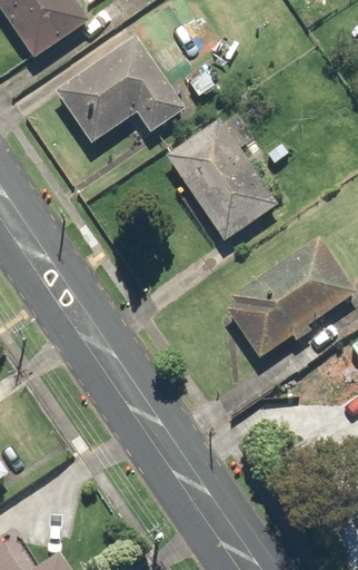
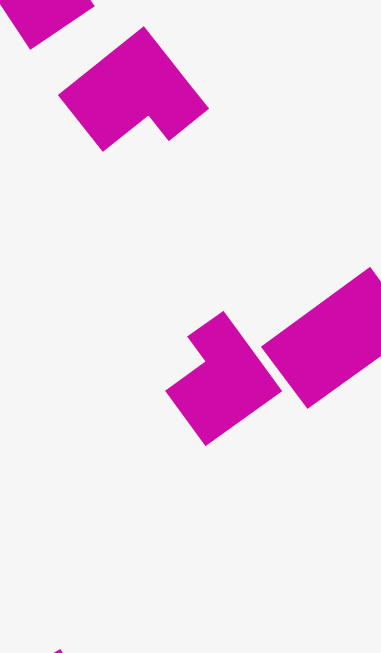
building: [166,119,276,239] -> none
building: none -> [164,310,283,447]

